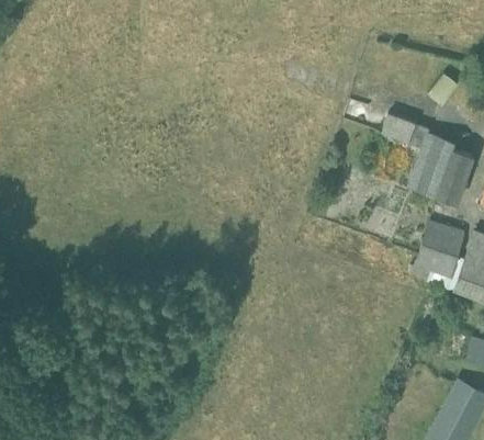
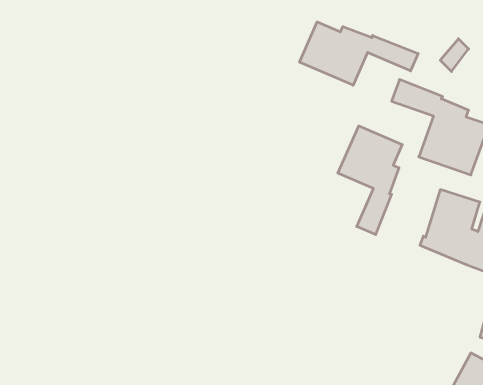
building: none -> [300,22,418,85]
building: none -> [338,126,402,235]

